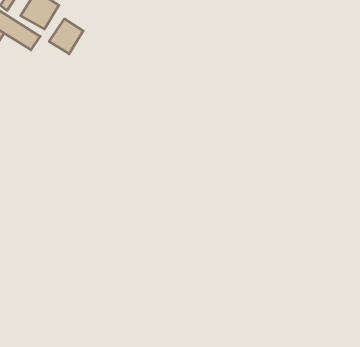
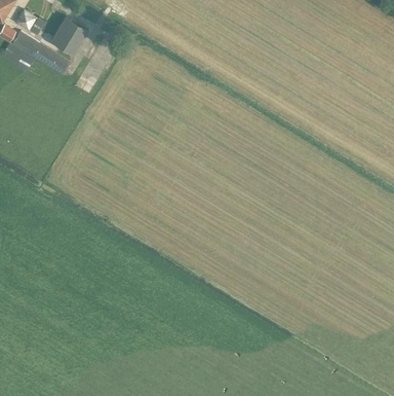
building: [49,19,83,54] -> none

